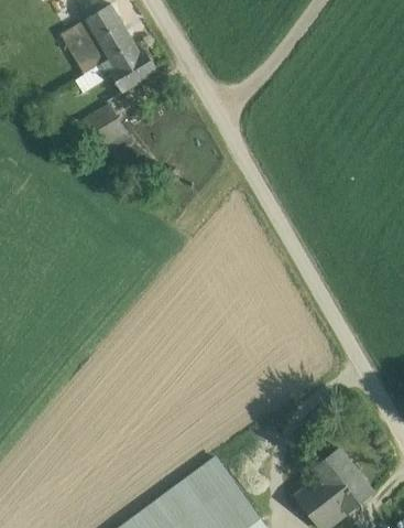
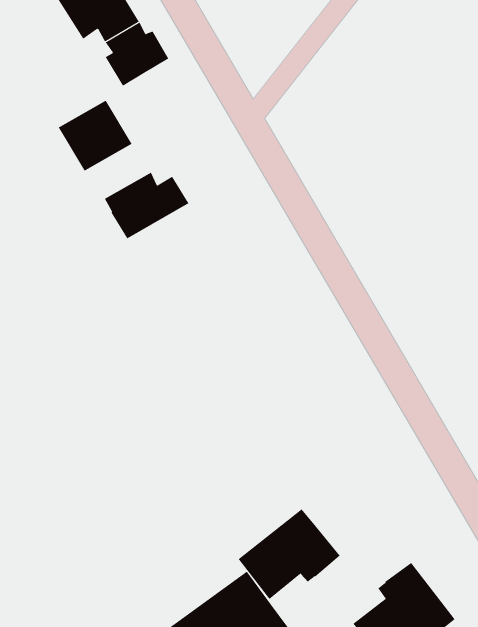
building: none -> [104,172,189,239]
building: none -> [238,508,341,600]

